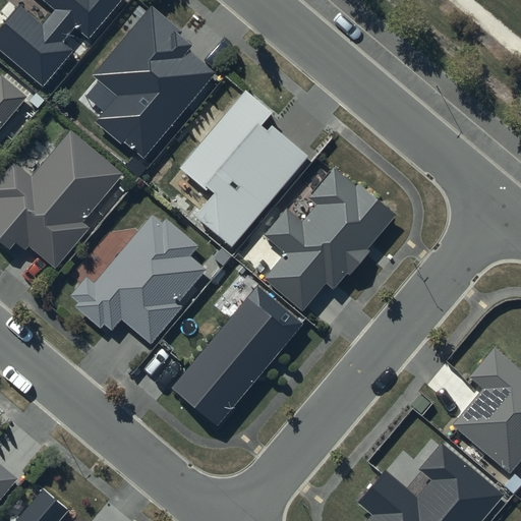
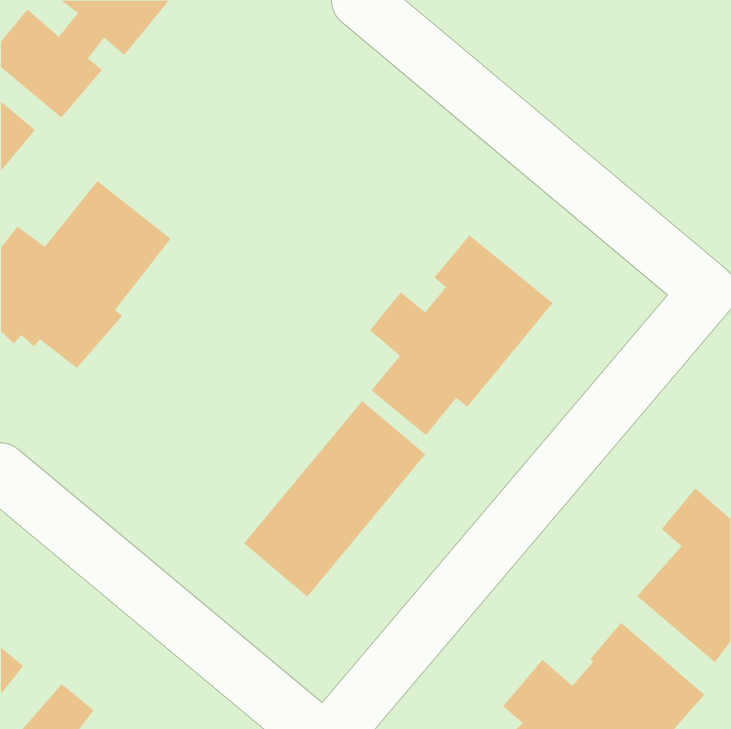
building: [93,6,217,160] -> none
building: [179,91,309,249] -> none
building: [71,215,206,340] -> none

